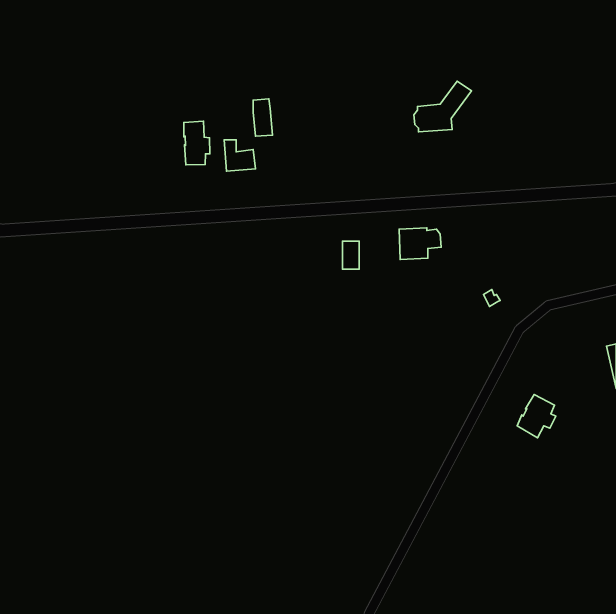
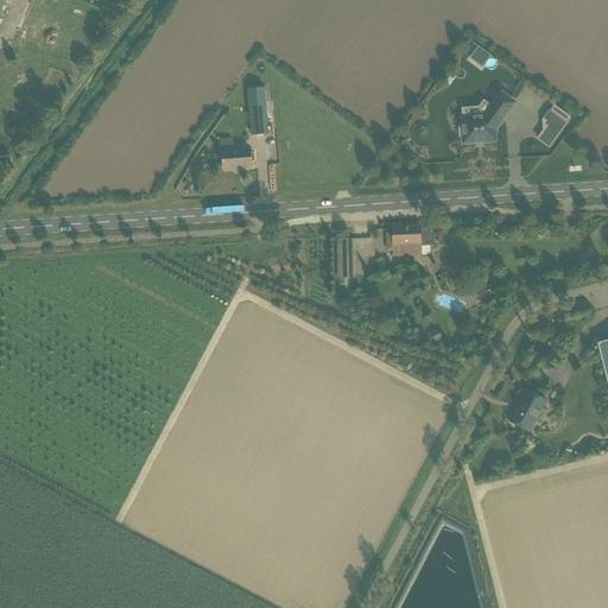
building: [414,81,472,132] -> [458,91,515,141]
building: none -> [533,109,565,145]
building: [184,121,210,165] -> none

